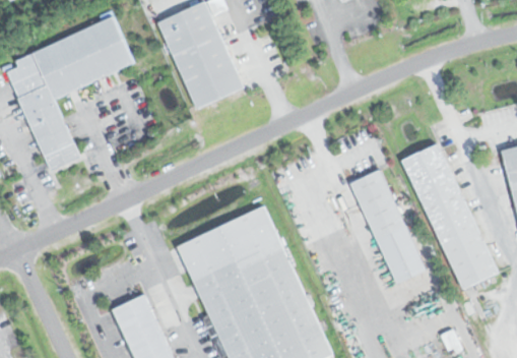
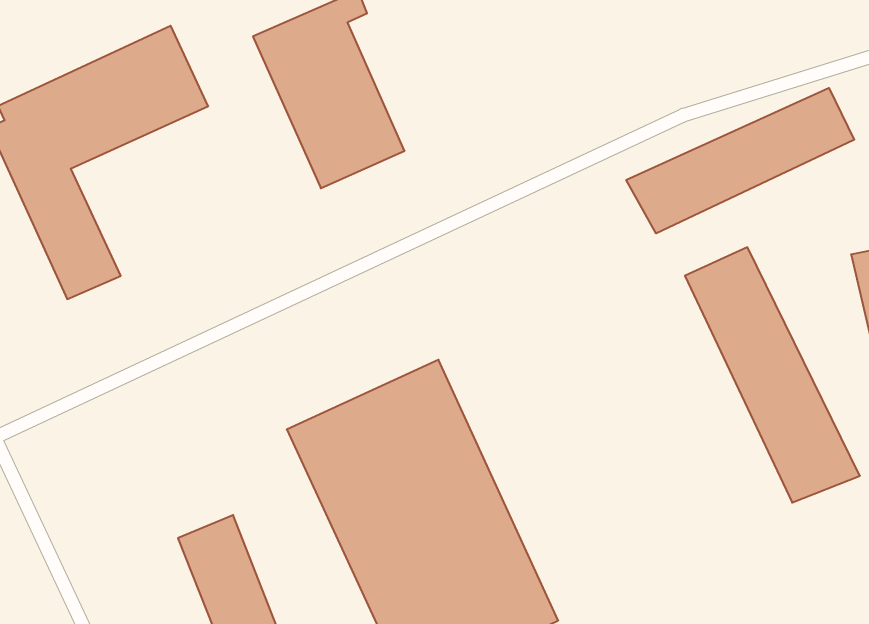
building: none -> [626,88,854,233]
building: [348,170,428,285] -> none

